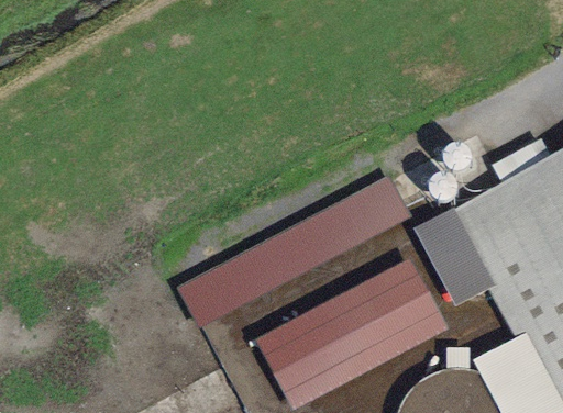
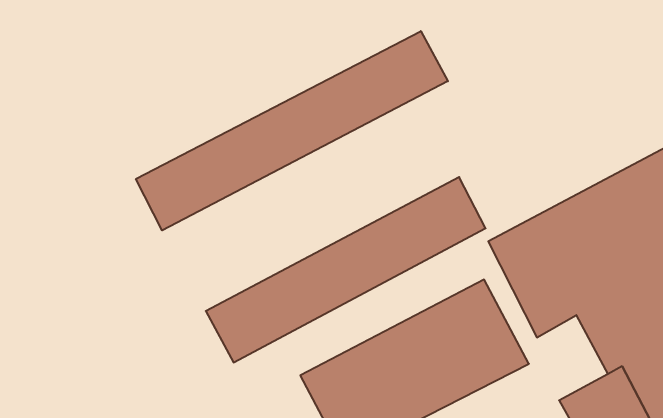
building: none -> [136,31,448,230]

